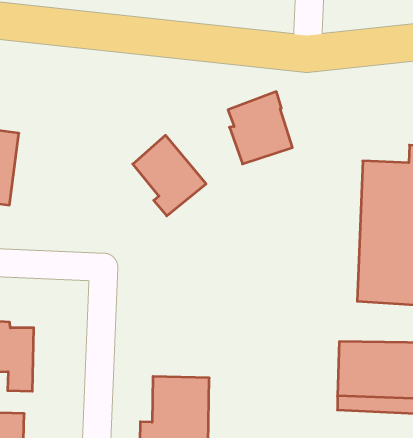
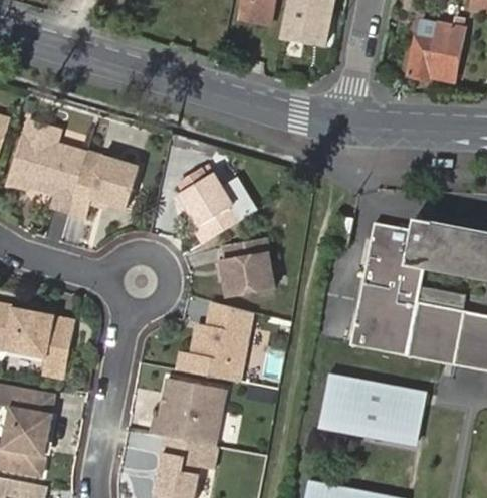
building: [228,92,292,164] -> [221,238,272,295]
building: none -> [66,152,142,219]
building: none -> [172,302,244,384]

